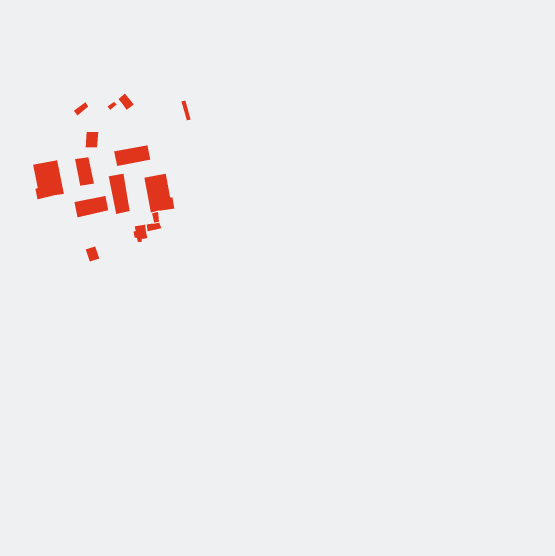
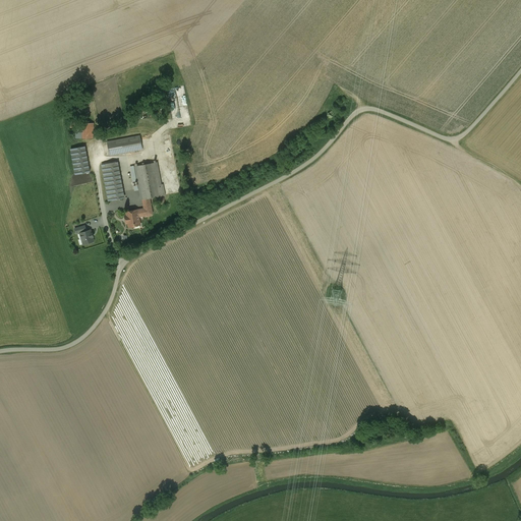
building: [32,159,64,200] -> none
building: [74,195,109,218] -> none

